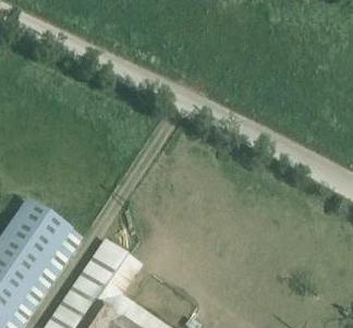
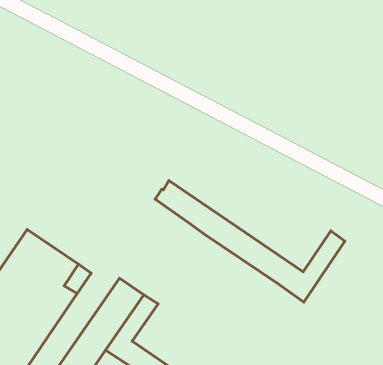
building: none -> [155,180,345,302]

